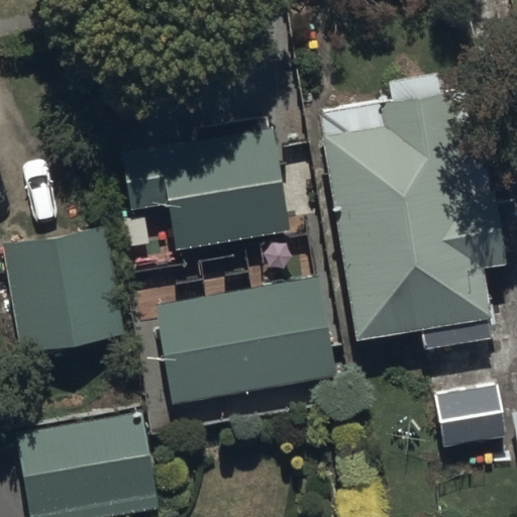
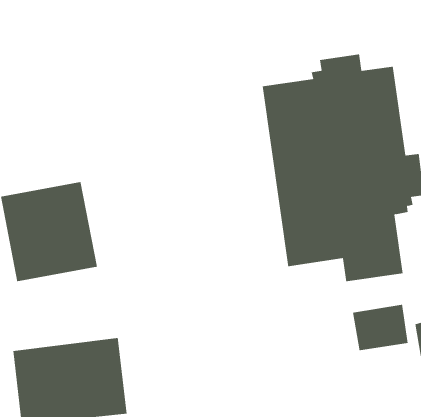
building: [119,115,285,237] -> none
building: [159,279,336,406] -> none

